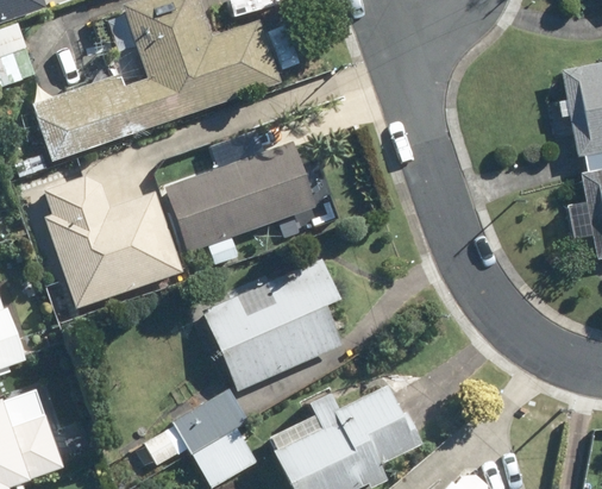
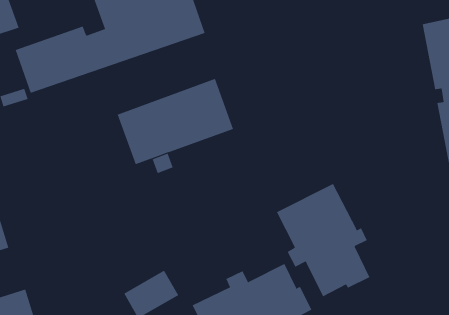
building: [43,176,182,308] -> none
building: [201,258,343,391] -> none
building: none -> [276,183,370,297]

